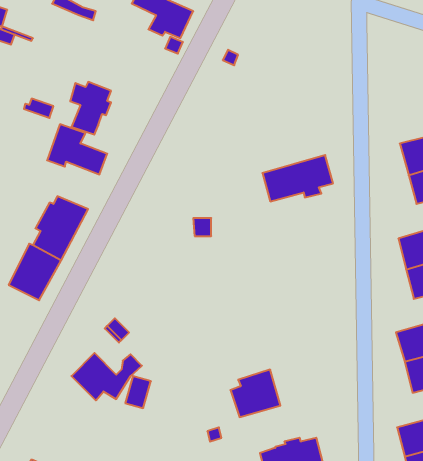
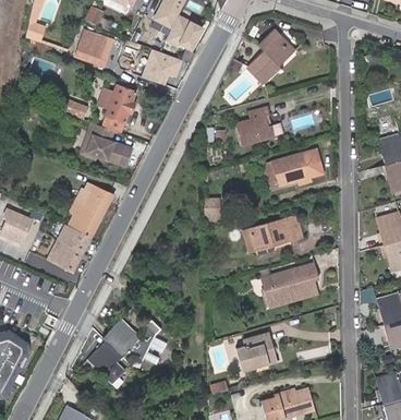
building: none -> [73,31,112,65]
building: none -> [246,32,292,84]
building: none -> [142,50,182,84]
building: none -> [234,107,282,145]
building: none -> [242,214,303,255]
building: none -> [258,257,318,308]
building: none -> [85,339,126,384]

